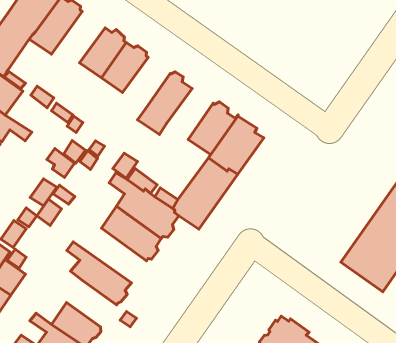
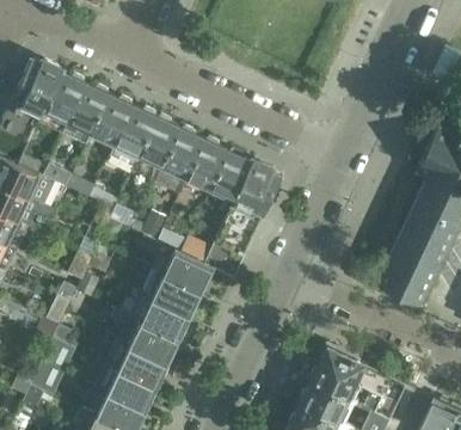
building: none -> [62,85,110,143]
building: none -> [137,116,180,168]
building: none -> [185,139,227,191]
building: none -> [128,291,189,339]
building: none -> [118,345,168,387]

